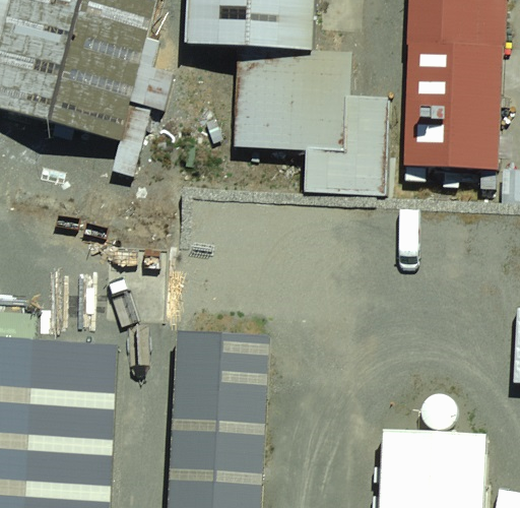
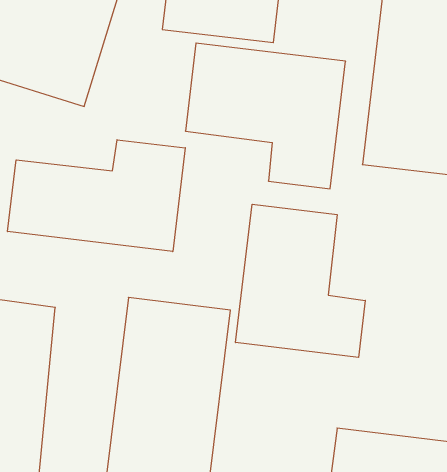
building: none -> [8,140,185,252]
building: none -> [236,204,365,357]

